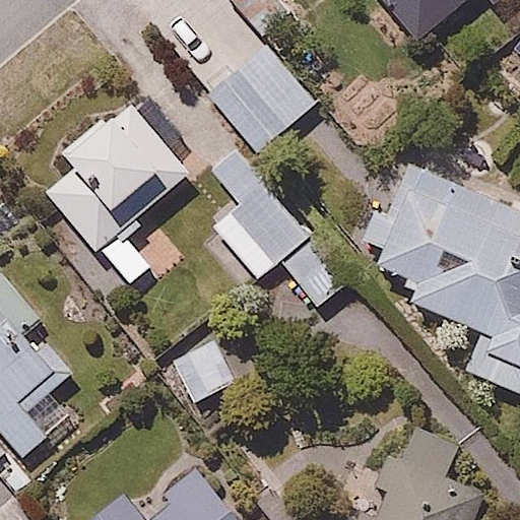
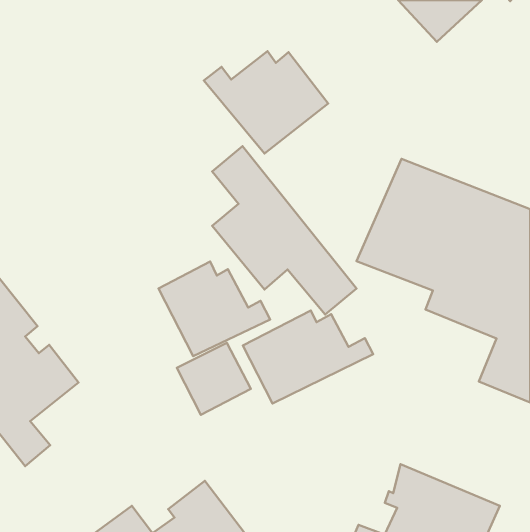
building: [47,100,190,286] -> none
building: none -> [159,262,270,356]
building: none -> [243,310,373,403]

